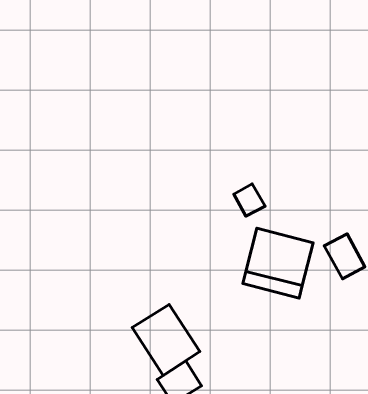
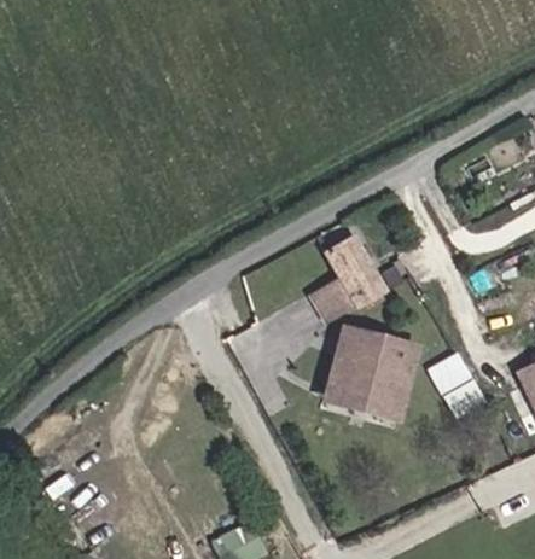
building: none -> [324,233,379,301]
building: [132,304,200,376] -> none

